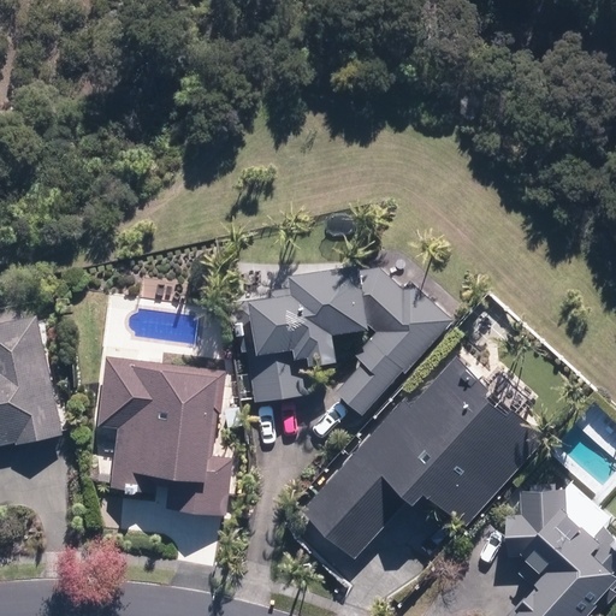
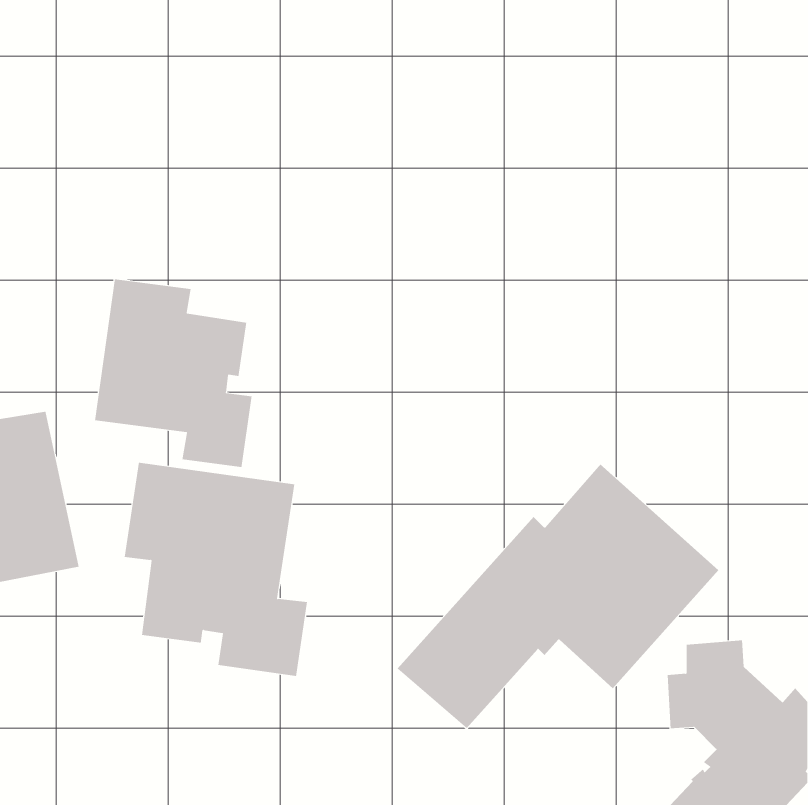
building: none -> [94,279,252,468]
building: [235,265,450,417] -> none

